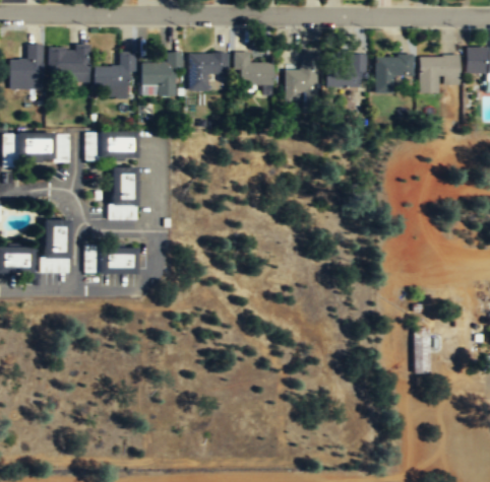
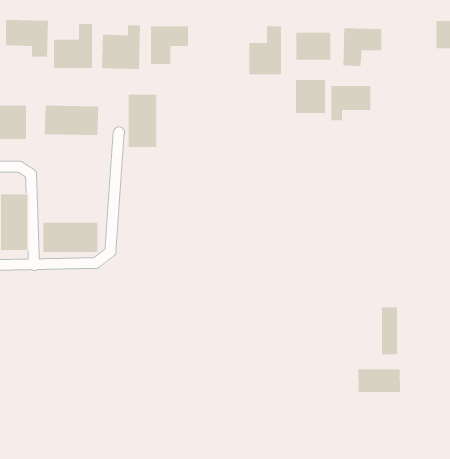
building: [421,56,461,90] -> [330,85,371,121]
building: [238,62,274,85] -> none
building: none -> [295,79,326,114]
building: [110,166,138,218] -> [128,94,157,148]
building: none -> [358,368,400,393]

